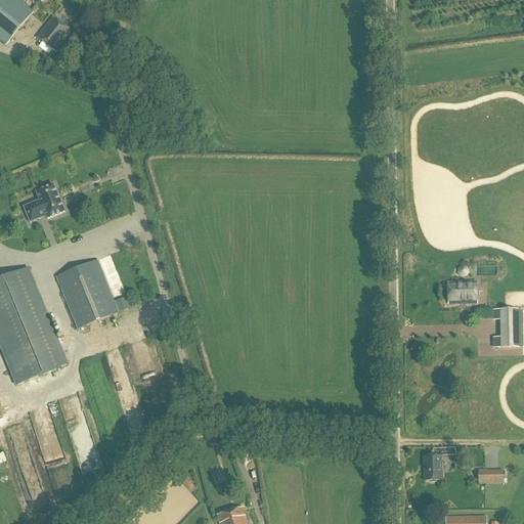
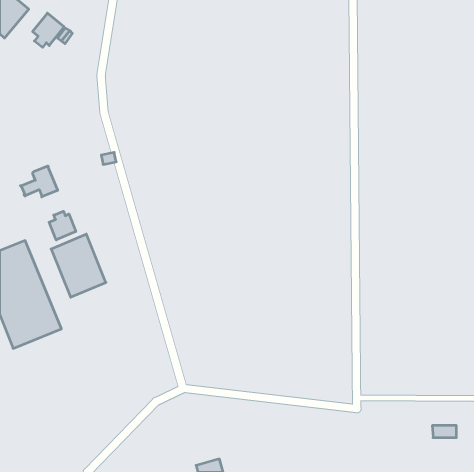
building: none -> [49,211,76,240]
building: [445,279,477,303] -> none
building: [490,307,518,346] -> none
building: [424,455,442,480] -> none

